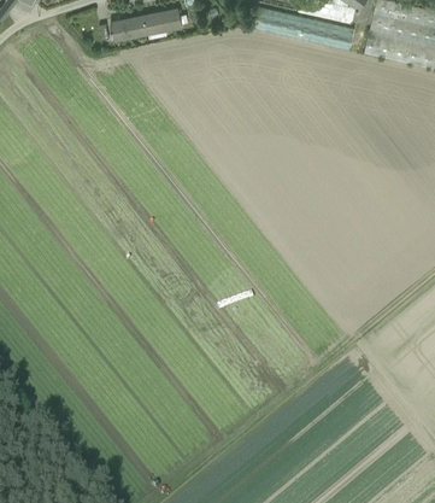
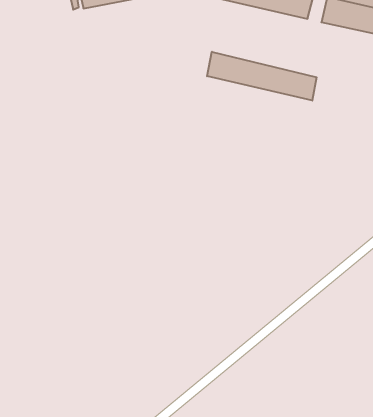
building: none -> [207,52,317,101]

